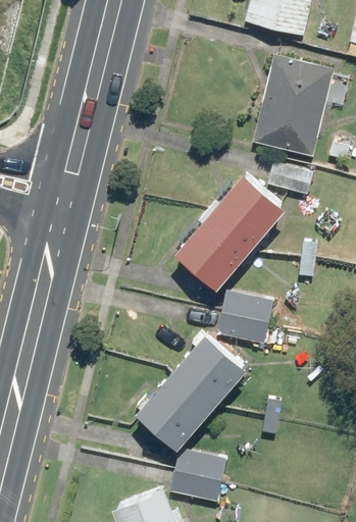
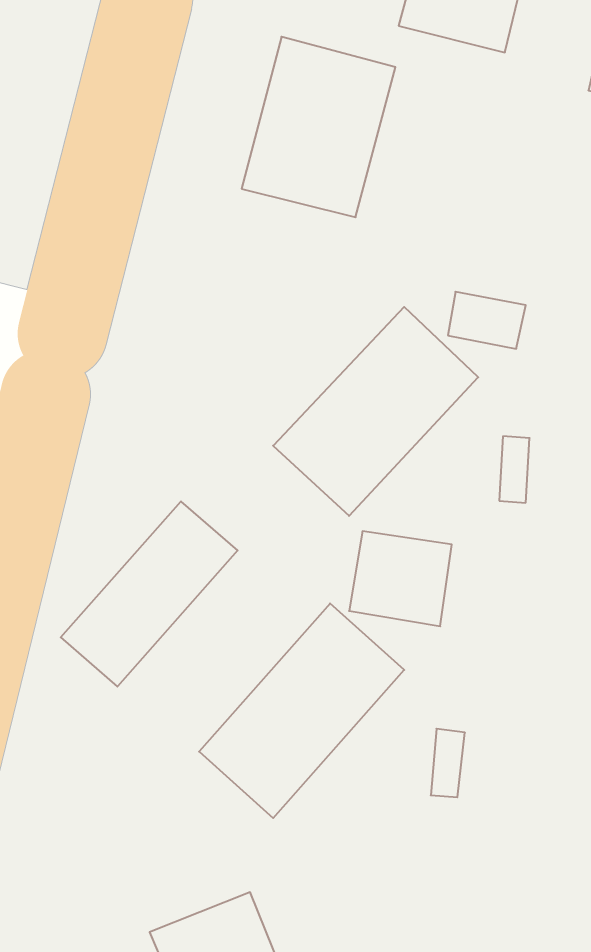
building: [252,56,335,153] -> [242,37,395,217]
building: none -> [61,501,238,687]
building: [169,450,223,502] -> none

